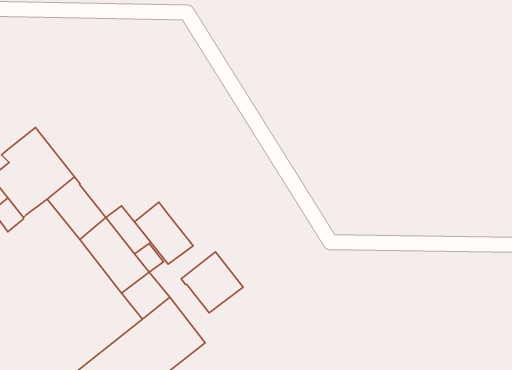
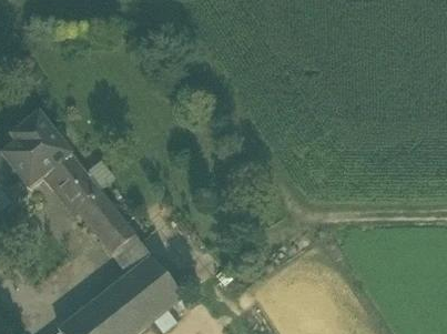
building: [135,202,193,264] -> none
building: [181,252,243,313] -> none

